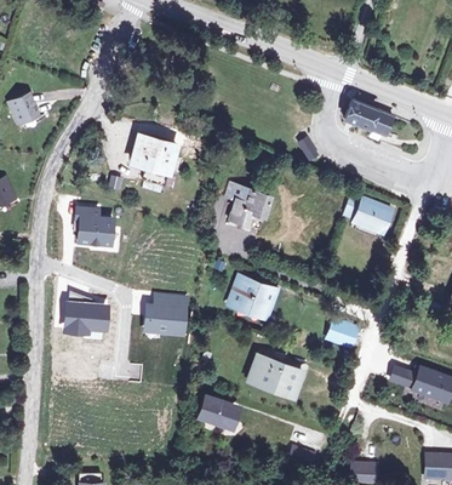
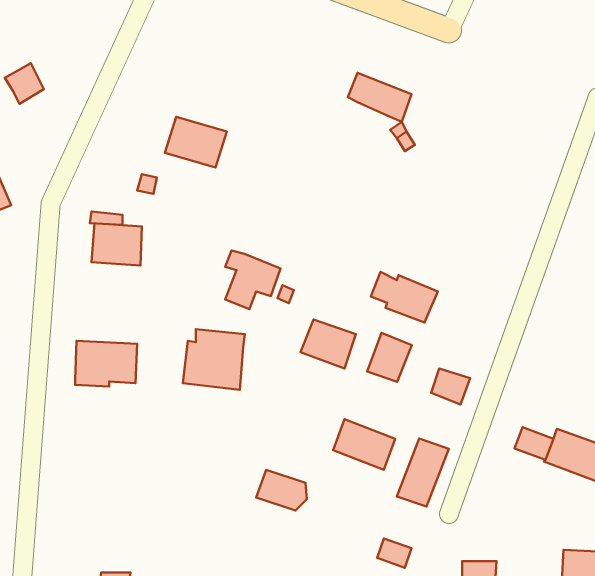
building: [344,99,391,136] -> [348,73,412,122]
building: [227,181,268,224] -> [225,251,281,309]
building: [341,195,390,233] -> [371,272,438,323]
building: none -> [367,333,412,382]
building: none -> [397,438,449,507]

